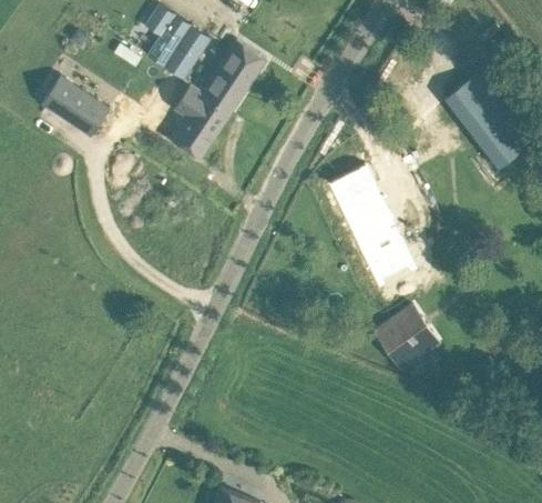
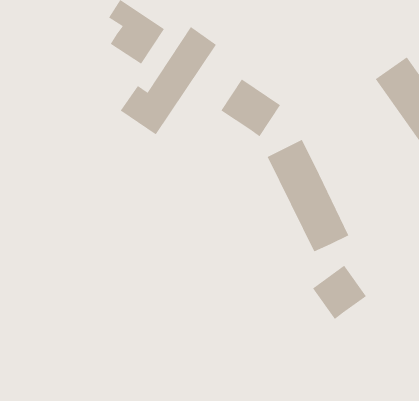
building: [41,76,109,137] -> none
building: none -> [220,79,281,137]

